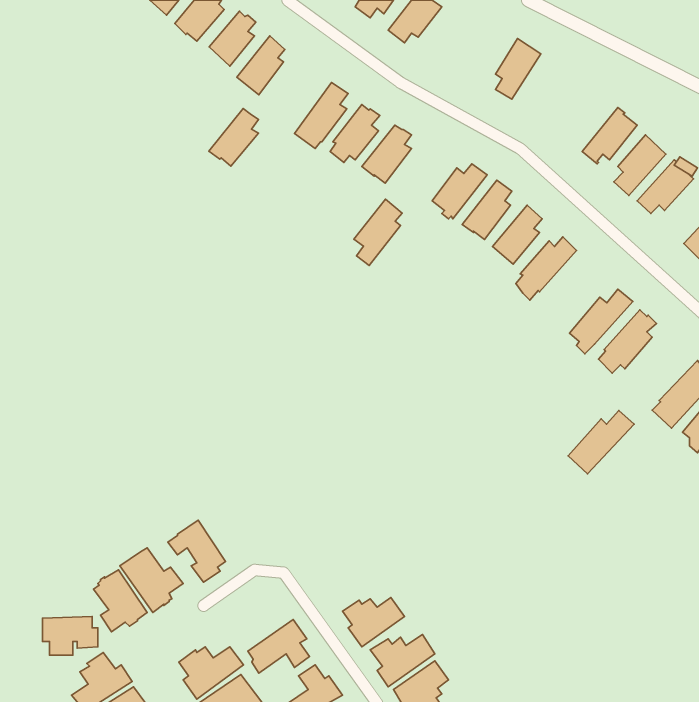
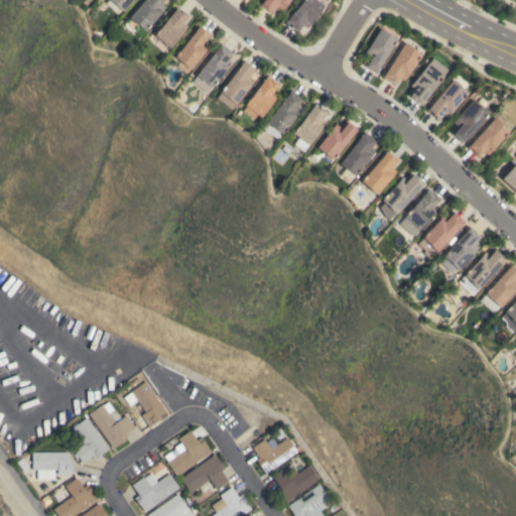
building: none -> [384,43,423,86]
building: none -> [411,58,450,106]
building: [209,108,258,166] -> [198,45,234,88]
building: [354,199,402,265] -> [294,104,330,152]
building: none -> [401,189,442,237]
building: [568,410,634,474] -> [460,250,508,296]
building: none -> [166,431,214,477]

